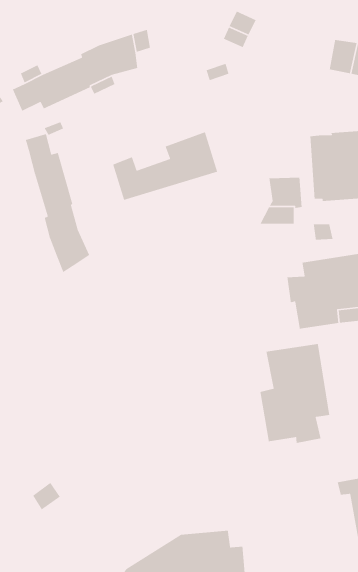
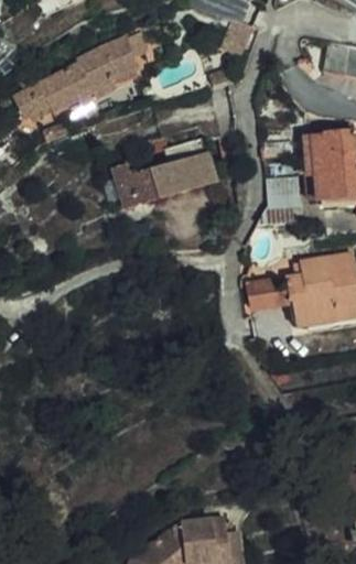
building: [25,133,90,273] -> none
building: none -> [245,275,287,305]
building: [260,343,330,444] -> none

